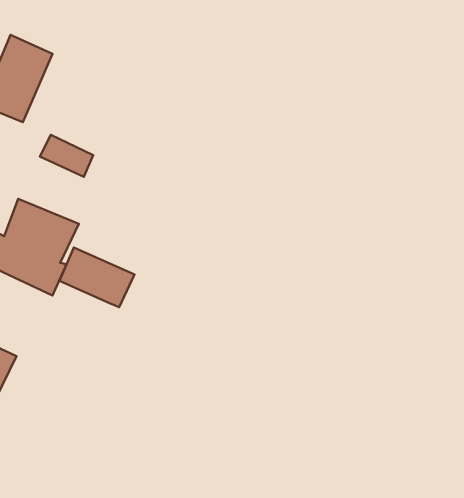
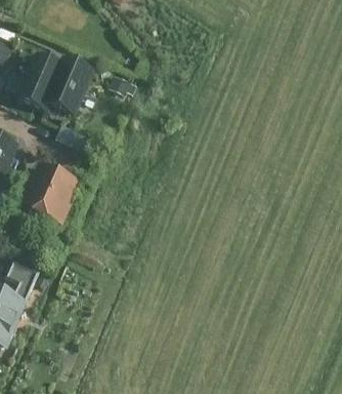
building: none -> [46,60,93,118]
building: [59,247,134,307] -> none

